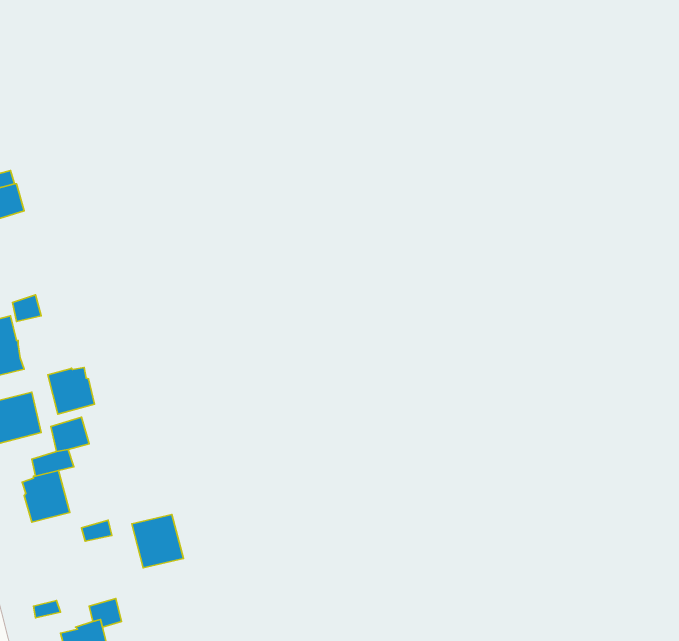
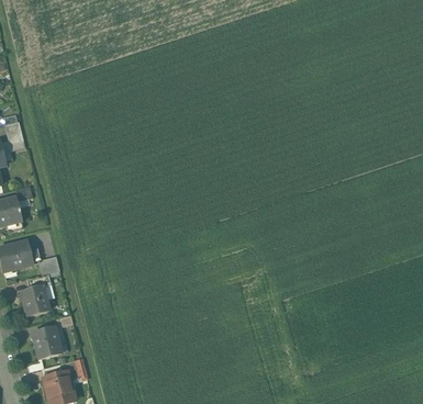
building: [48,367,95,414] -> none
building: [132,514,183,568] -> [32,327,62,358]

